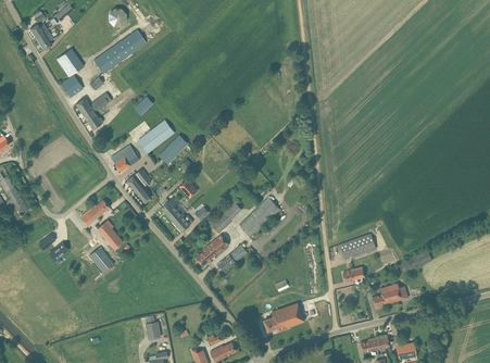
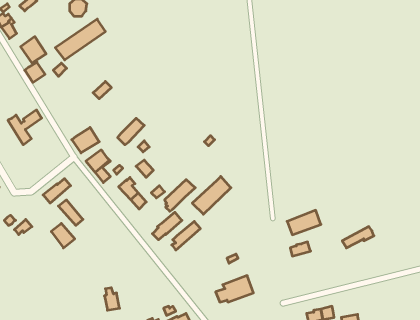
building: [76,92,112,129] -> [8,110,42,145]
building: [138,120,175,153] -> none
building: [373,283,409,309] -> none

